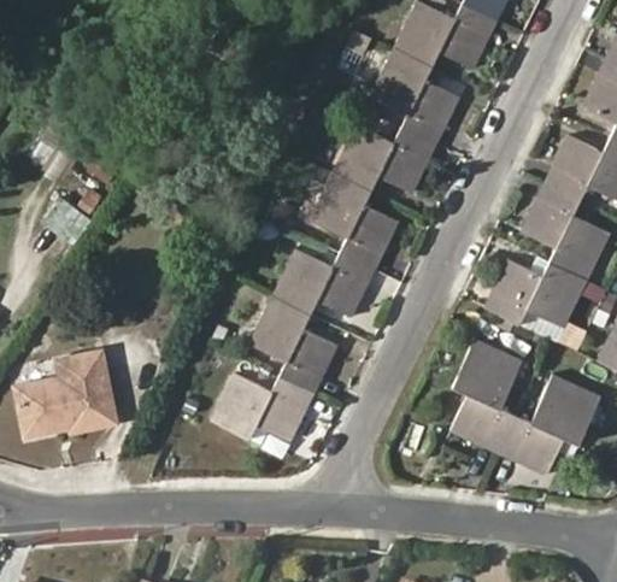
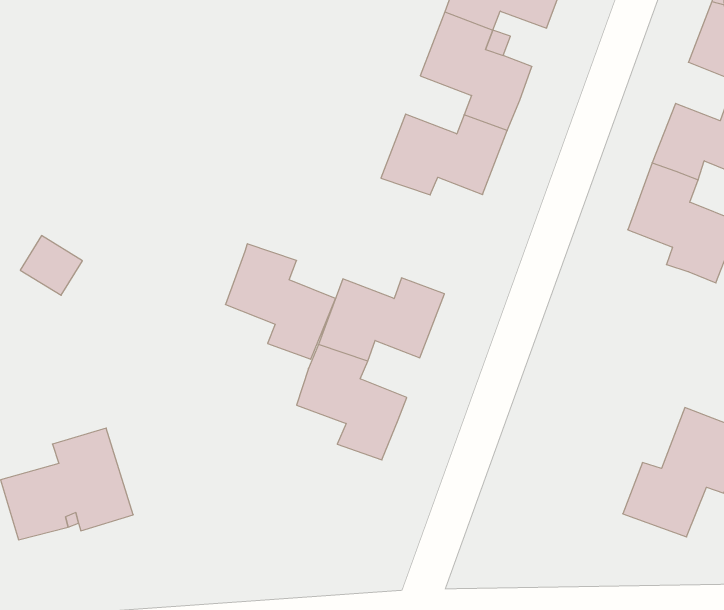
building: [312,172,399,268] -> [225,244,336,359]
building: [484,260,588,329] -> none
building: [449,337,524,453] -> none
building: [212,374,313,441] -> none

